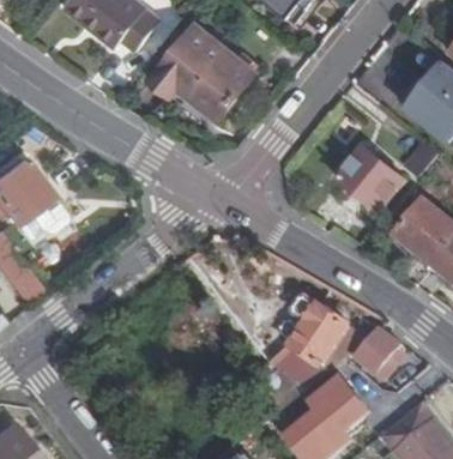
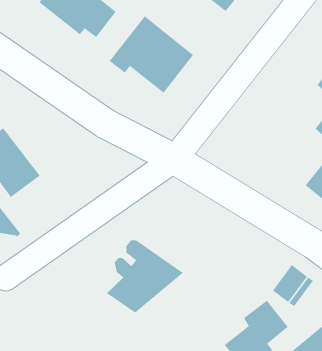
building: [336,145,403,211] -> none
building: [266,300,362,391] -> [106,240,183,313]

